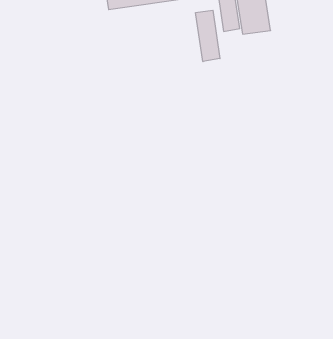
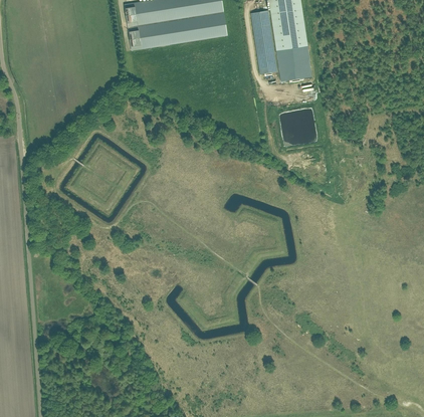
building: [196,10,220,62] -> none

